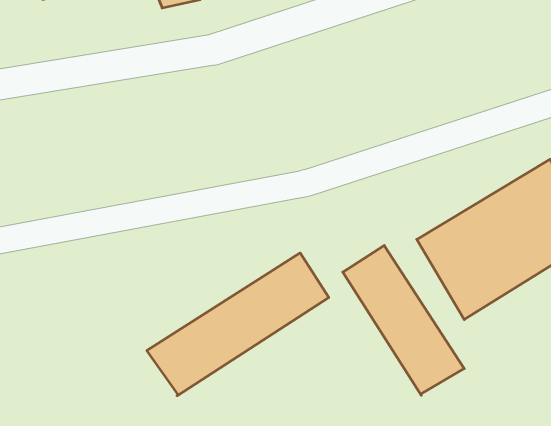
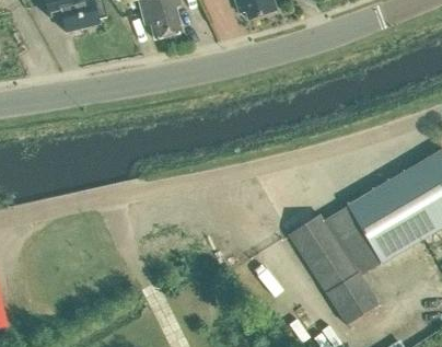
building: [147,253,329,396] -> none

